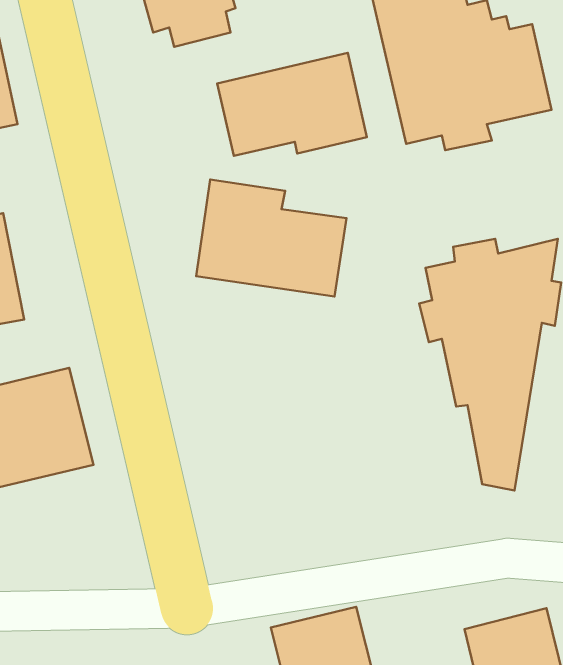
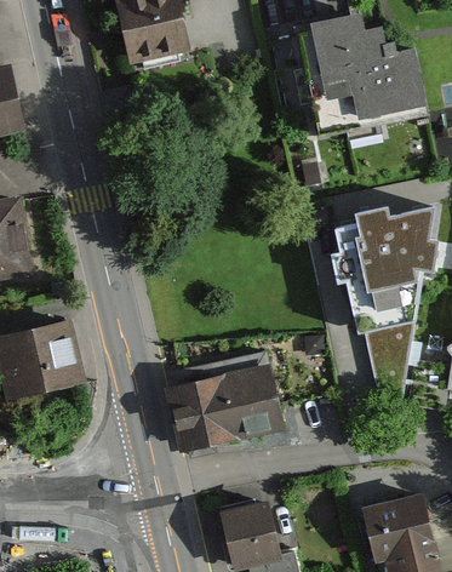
building: [217,53,367,156] -> none
building: [196,180,346,297] -> none
building: none -> [162,359,281,457]

